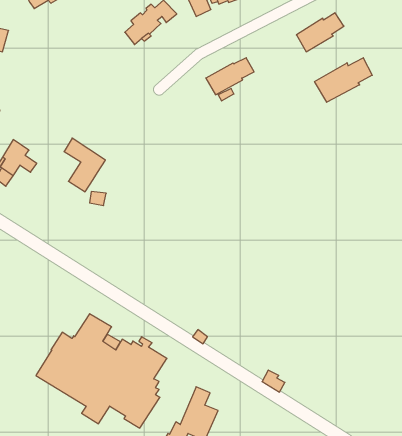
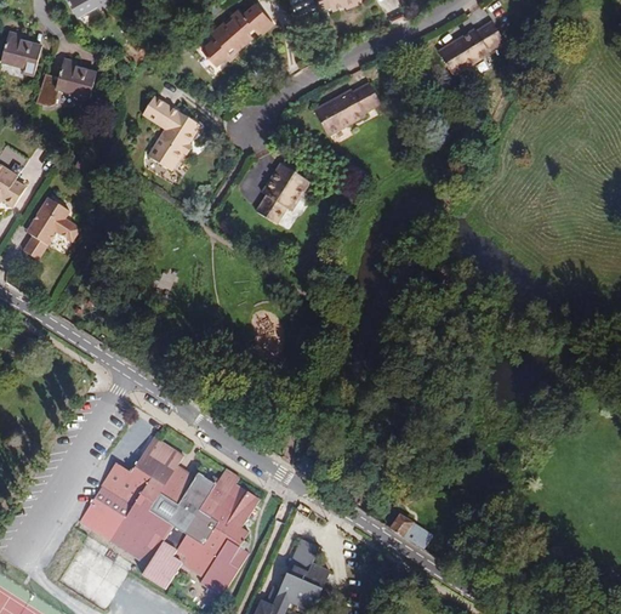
building: none -> [36,57,96,104]
building: [315,58,372,102] -> none
building: none -> [255,163,309,224]
building: [64,138,105,192] -> [142,96,199,170]

